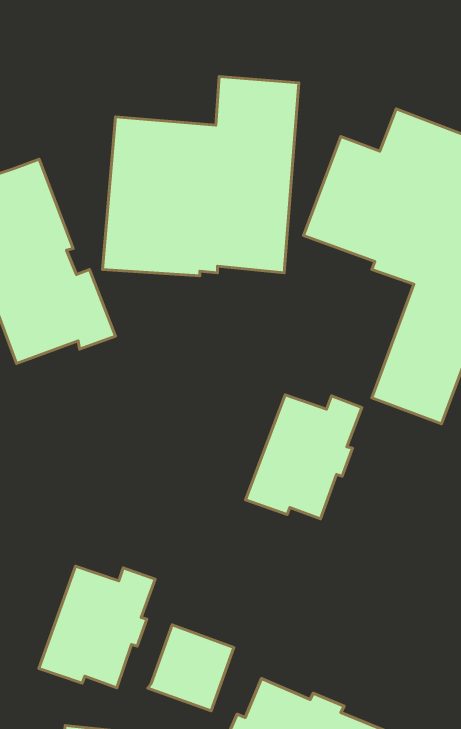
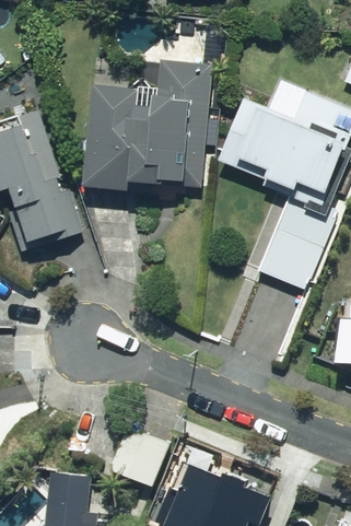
building: [246,395,362,519] -> none
building: [39,566,155,688] -> none

